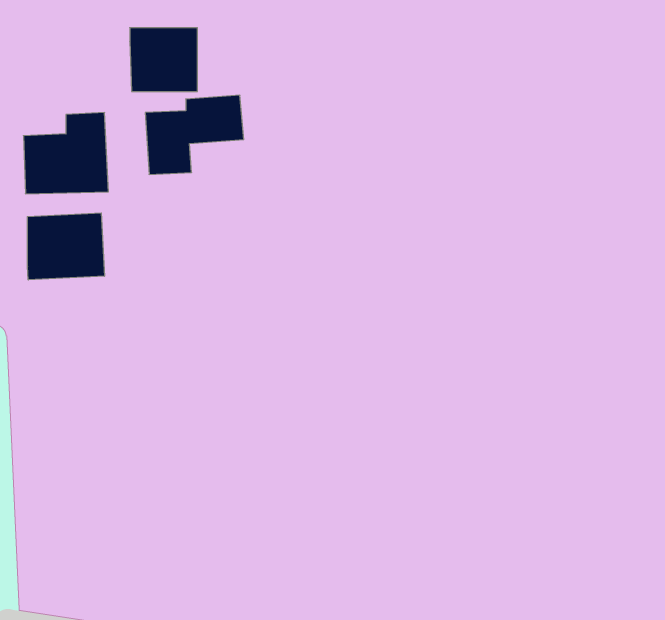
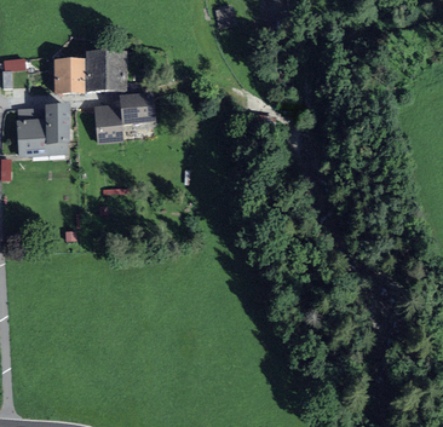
building: none -> [52,59,84,94]
building: [27,213,104,280] -> none

